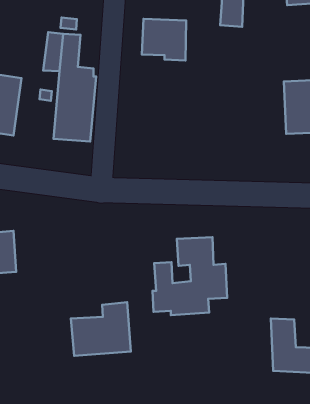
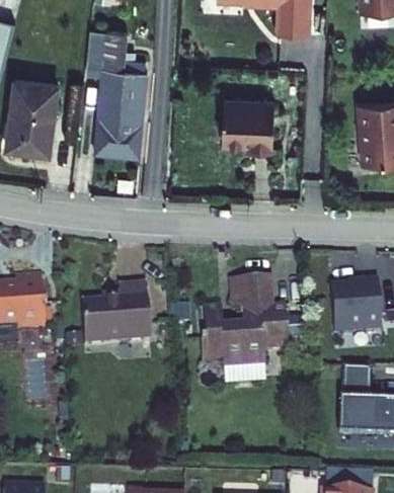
building: [142,19,186,60] -> [222,97,273,146]
building: none -> [325,278,378,335]
building: [71,302,131,356] -> [87,278,157,341]

